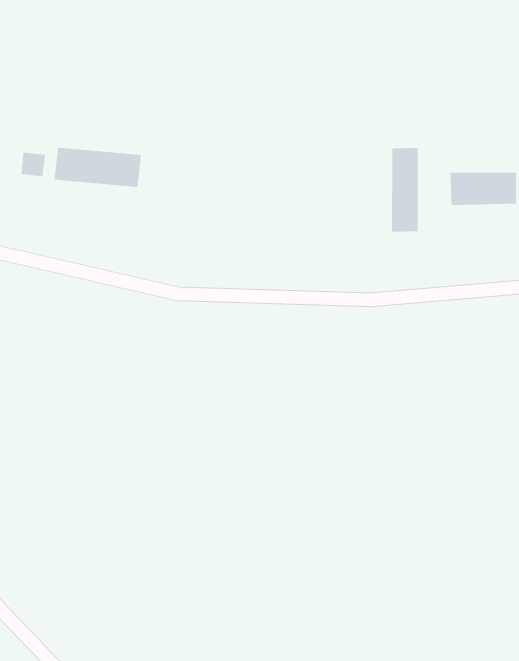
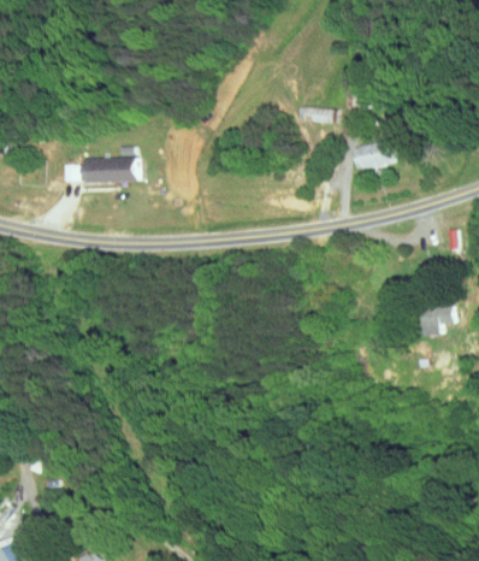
building: [391,147,419,232] -> none

